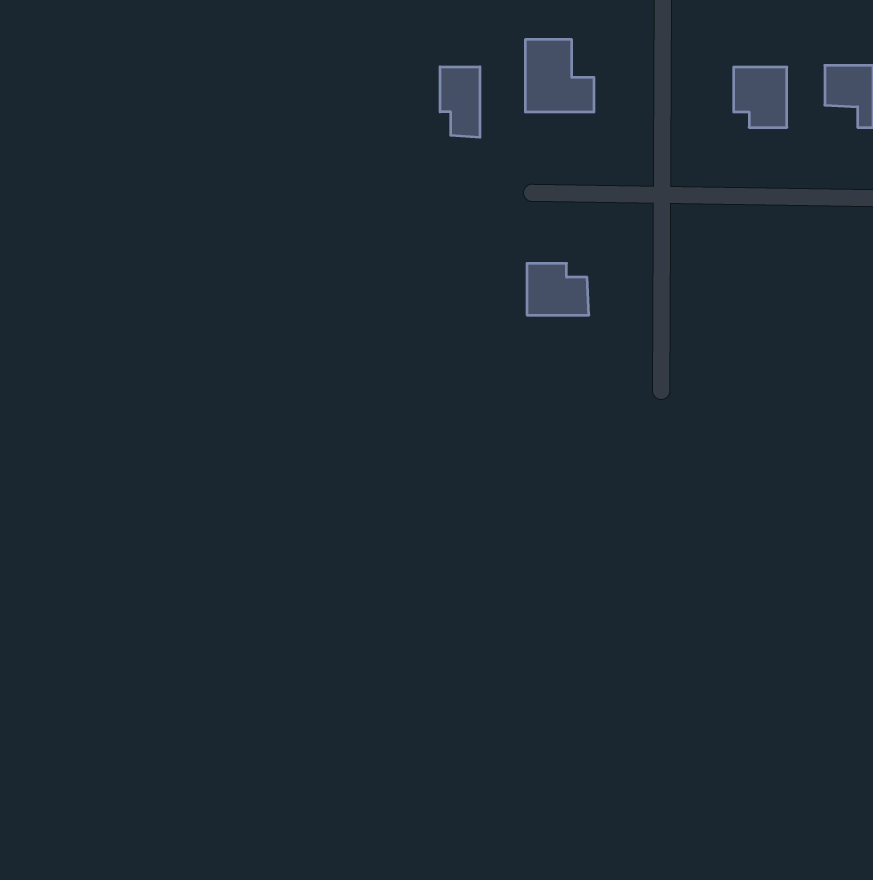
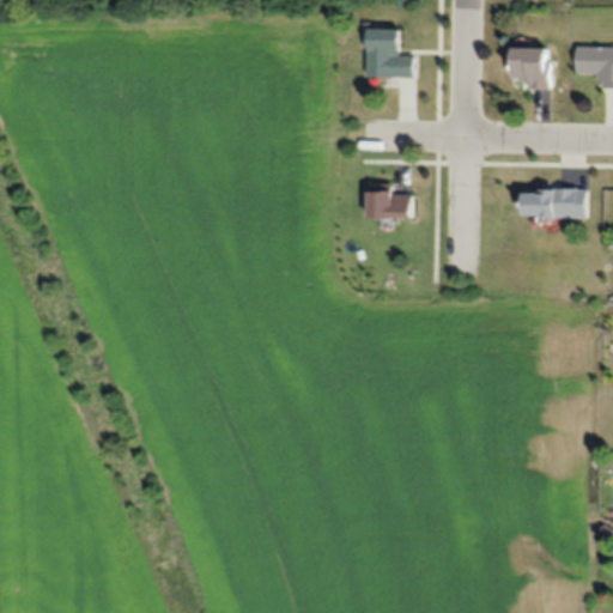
building: [440,67,480,137] -> none
building: none -> [520,187,583,218]

